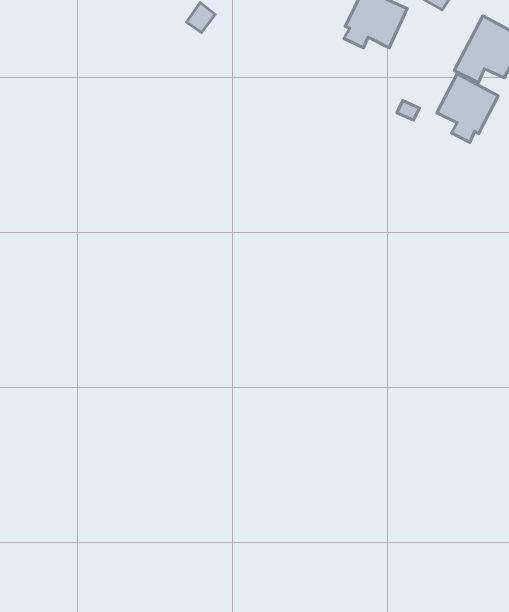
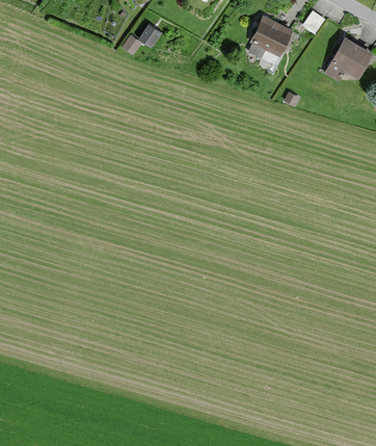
building: [437,74,498,143] -> none

